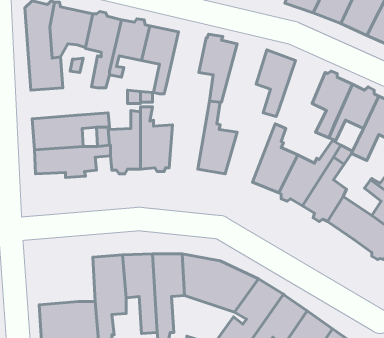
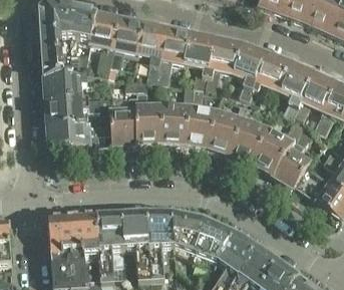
building: none -> [156,27,192,81]
building: none -> [205,37,243,89]
building: none -> [253,51,292,93]
building: none -> [44,72,101,100]
building: none -> [160,83,195,142]
building: none -> [208,101,250,154]
building: none -> [49,217,98,257]

